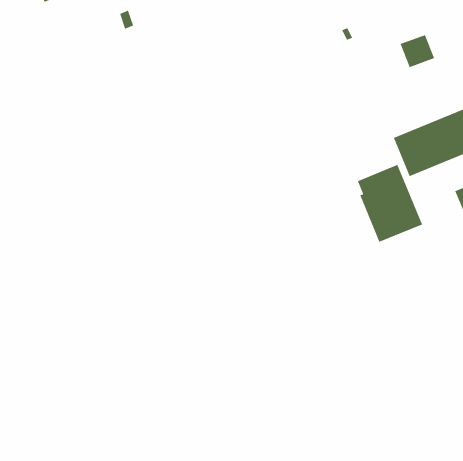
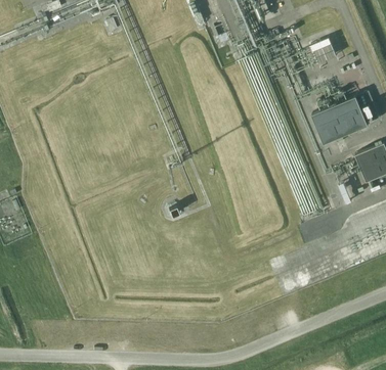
building: [357,164,423,243] -> none

